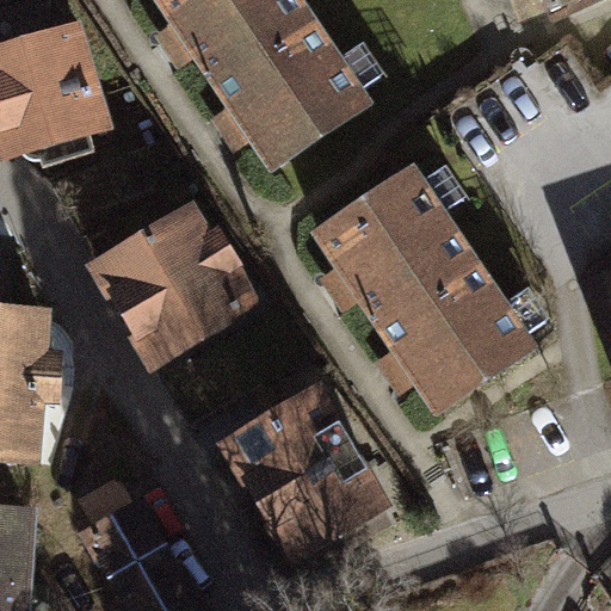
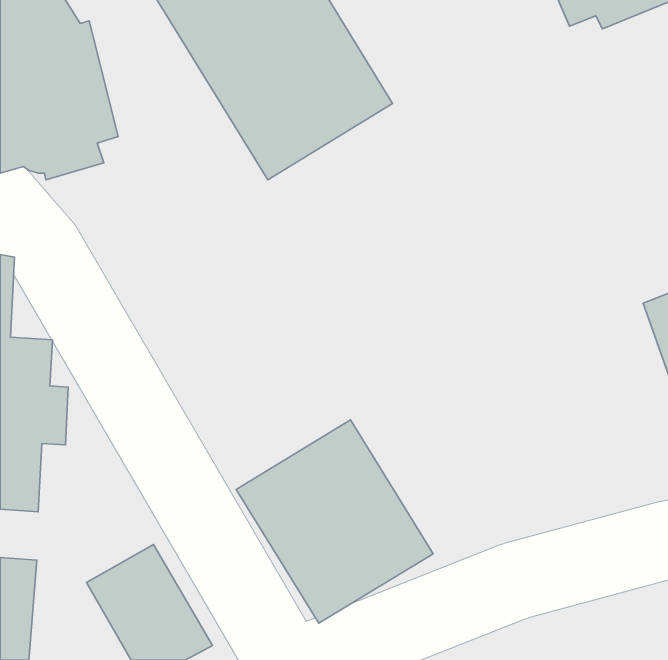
building: [311,166,535,414] -> none
building: [86,199,258,369] -> none

